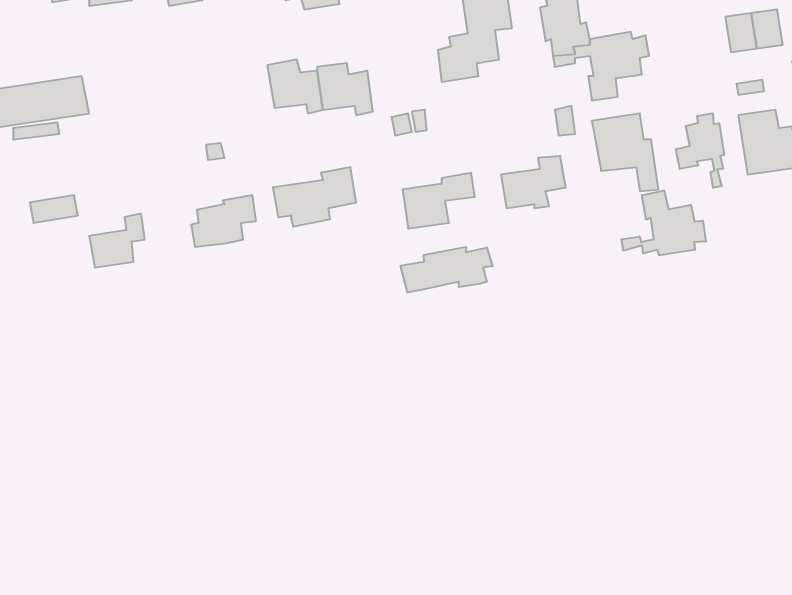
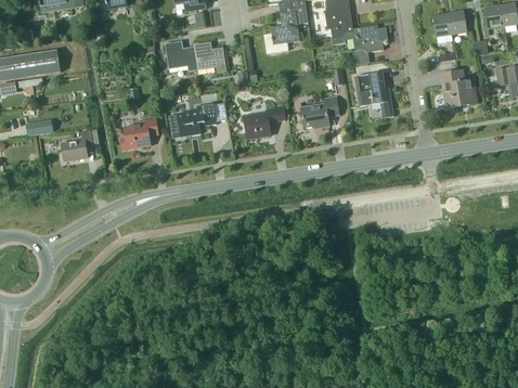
building: [676,113,724,188] -> none
building: [622,191,706,255] -> none
building: [401,247,493,293] -> none

